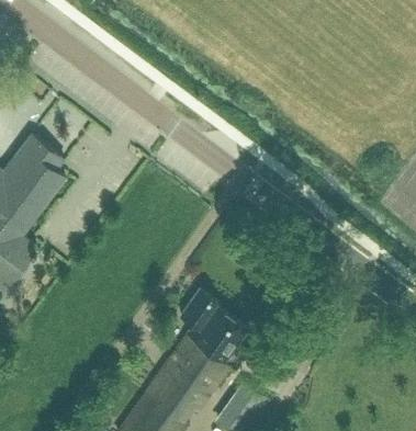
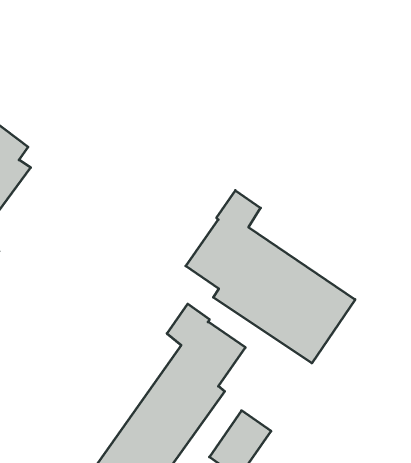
building: none -> [186,190,355,363]

